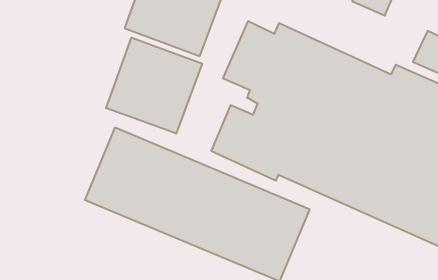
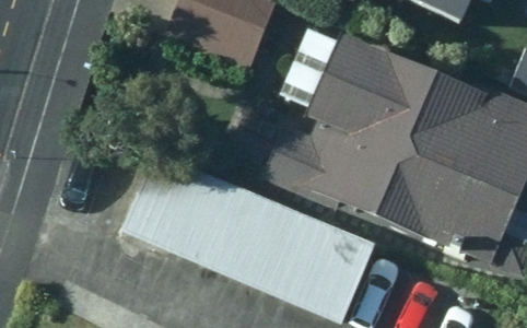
building: [106,38,202,134] -> none

